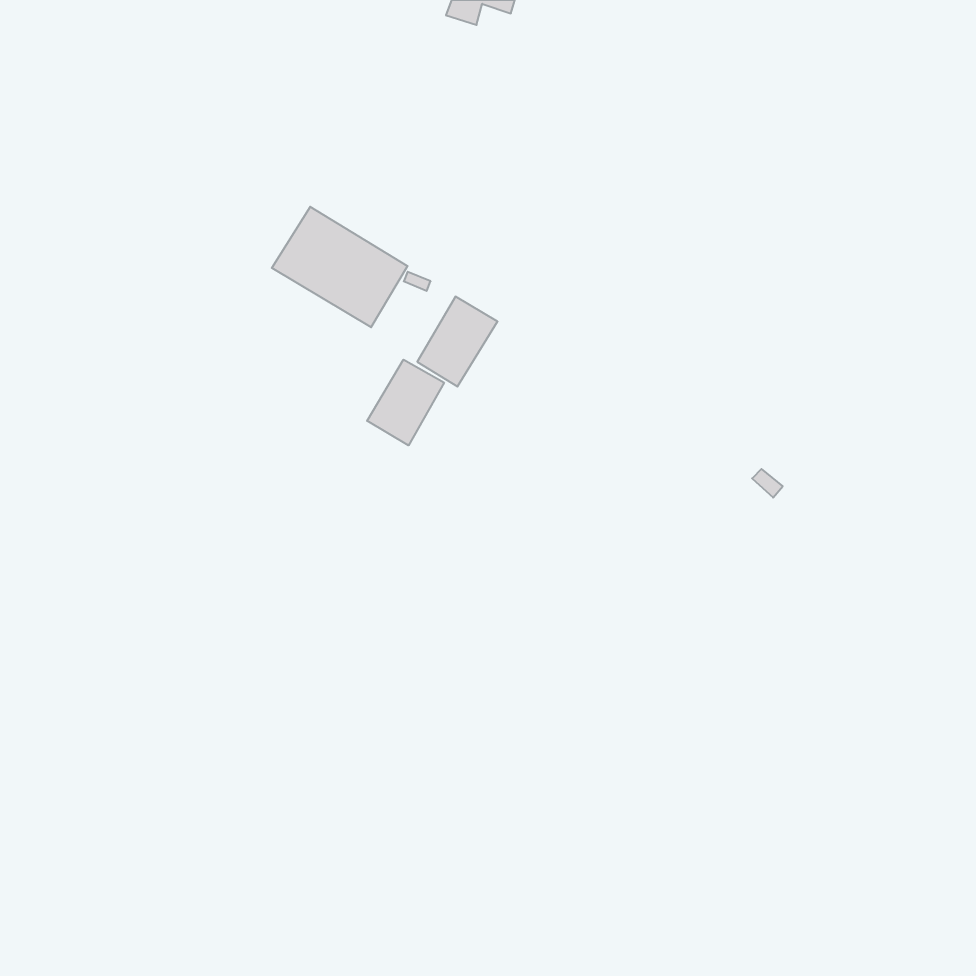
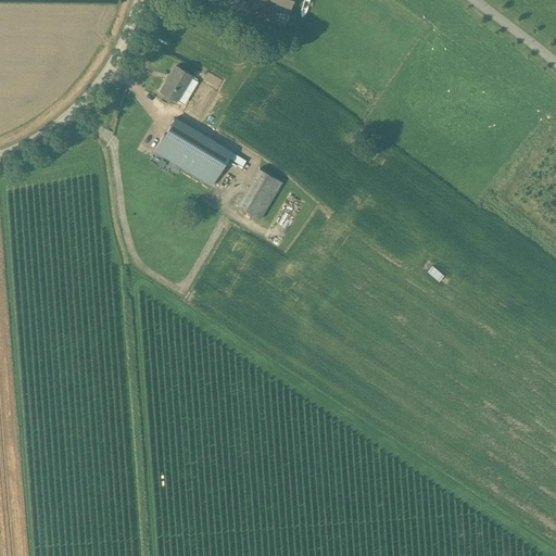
building: none -> [162,67,192,102]
building: [367,360,444,445] -> none

